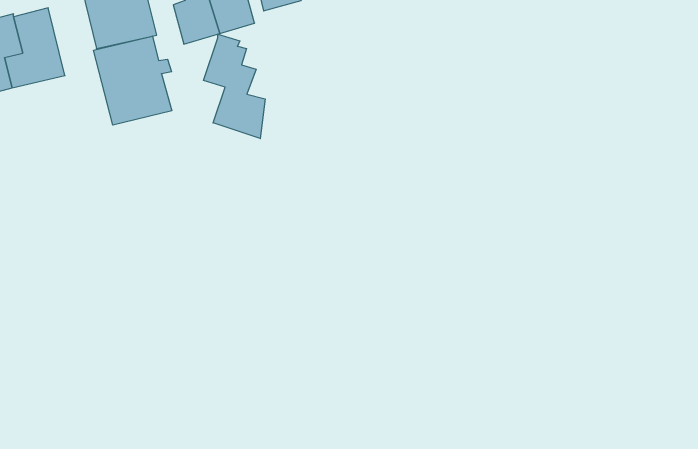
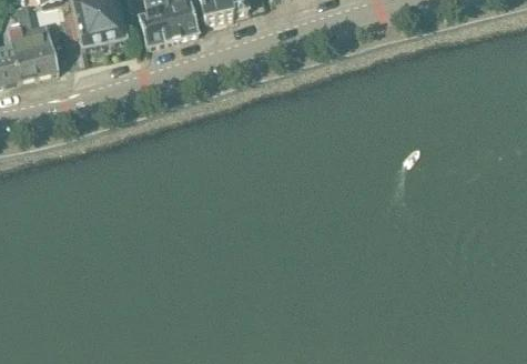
building: [203,34,265,139] -> none
building: [94,36,172,125] -> none

